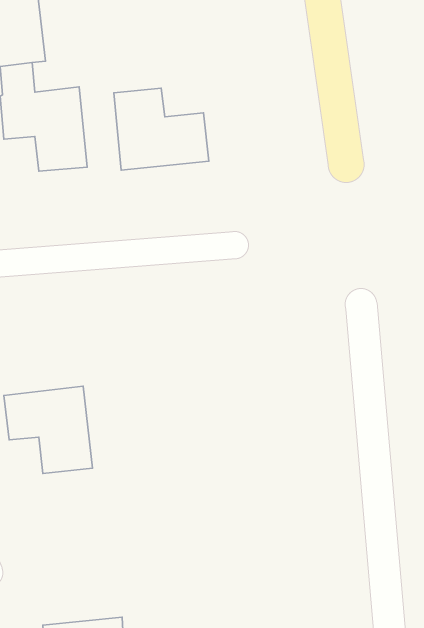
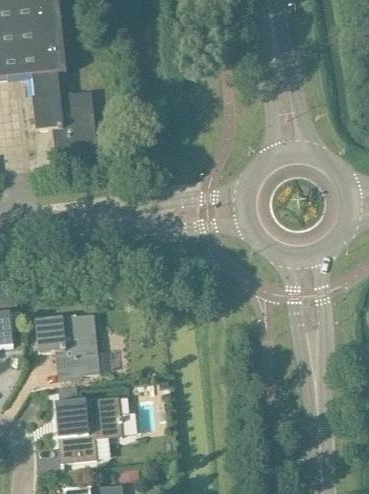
building: [114,88,209,170] -> none
building: none -> [55,396,121,461]

